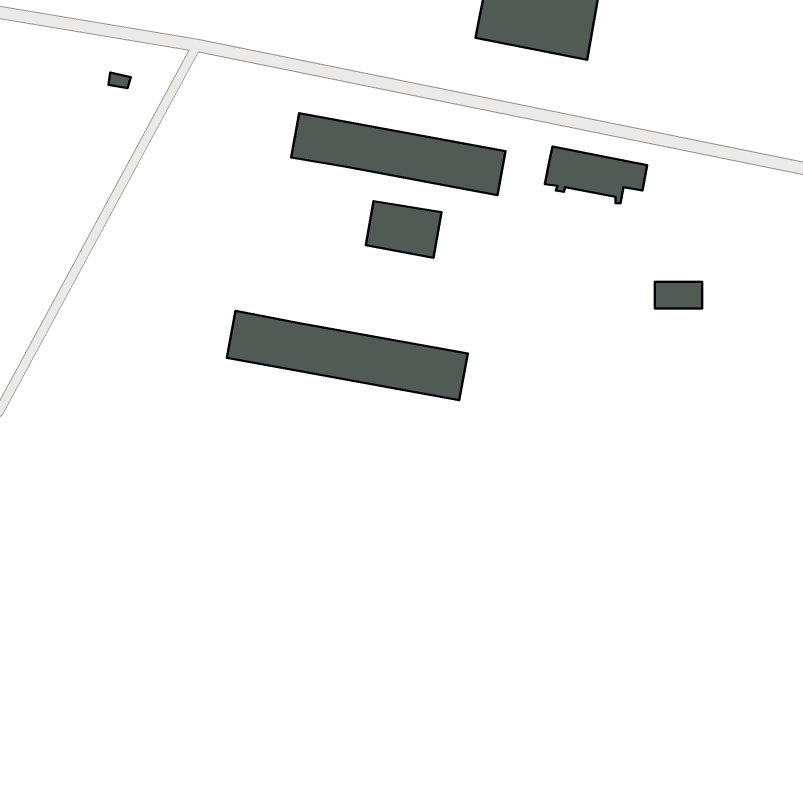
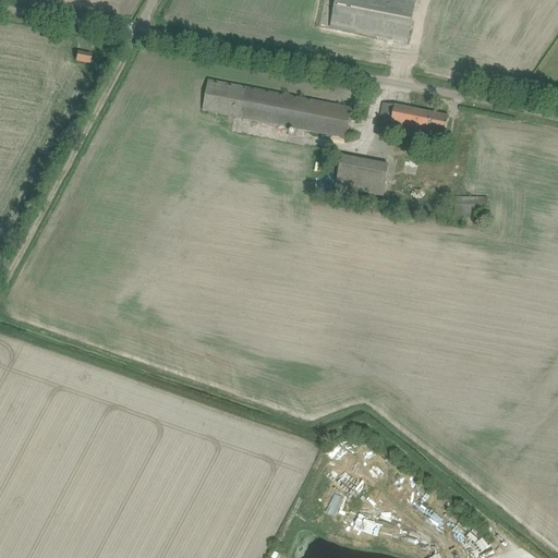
building: [366,201,441,258] -> [335,155,387,194]
building: [227,311,468,400] -> none

